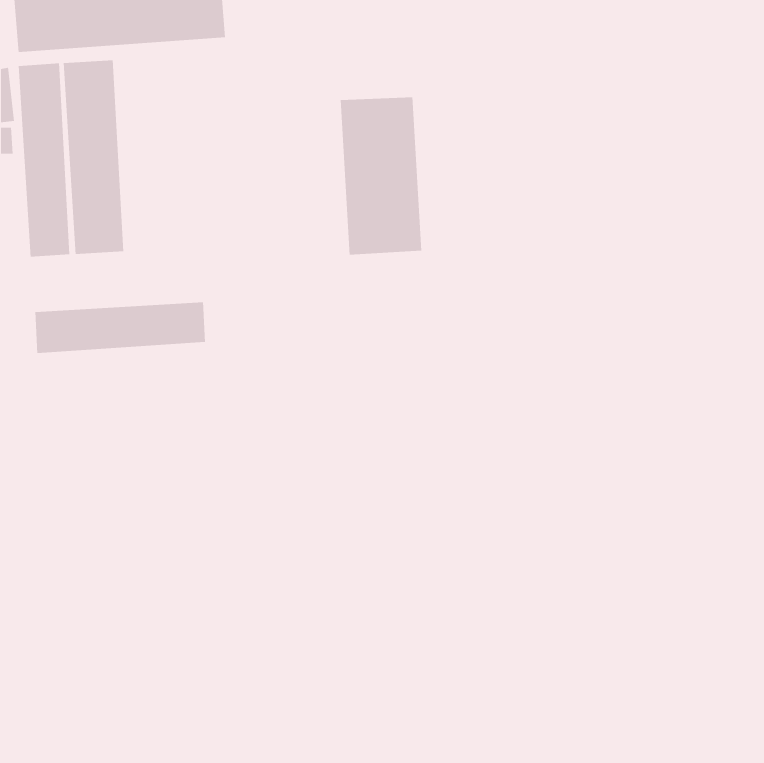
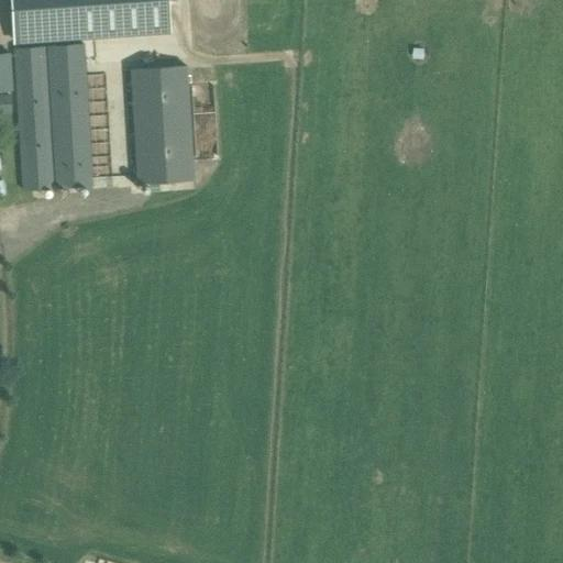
building: [340,97,422,255] -> [133,68,194,185]
building: [35,302,206,354] -> none

